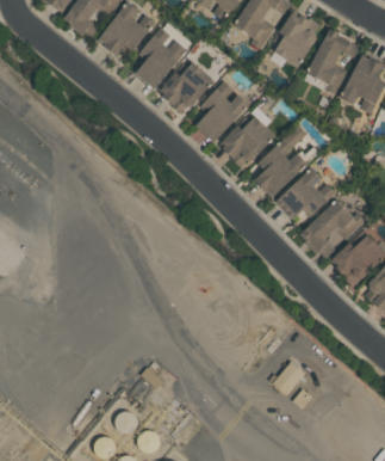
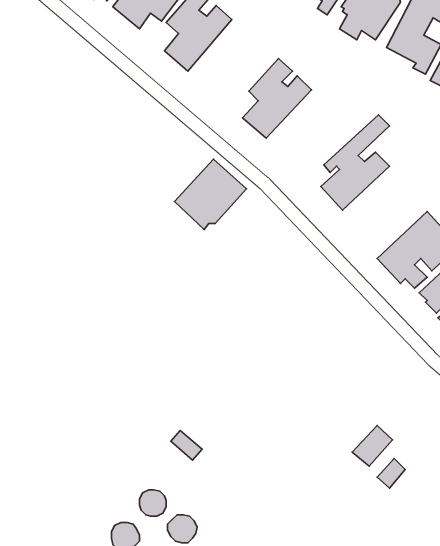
building: [157,60,215,113] -> none
building: [219,112,274,166] -> [175,159,246,230]
building: [275,167,335,219] -> none

